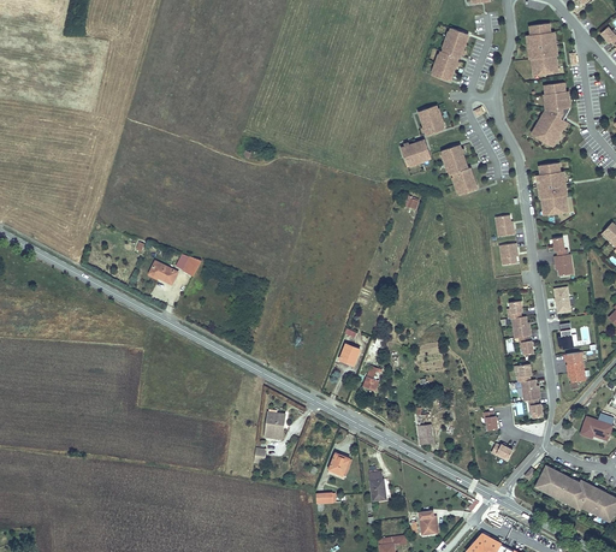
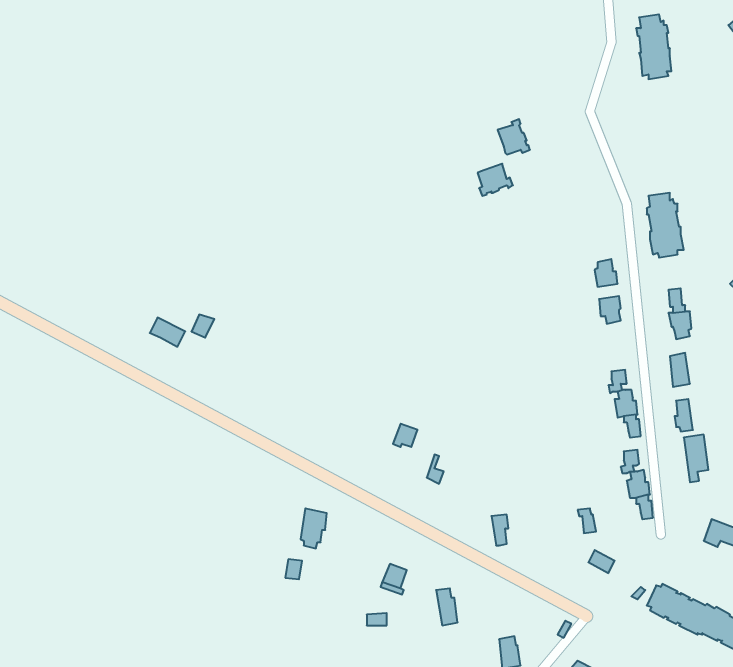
building: [432,25,467,77] -> none
building: [533,83,569,143] -> none
building: [443,147,478,196] -> none

